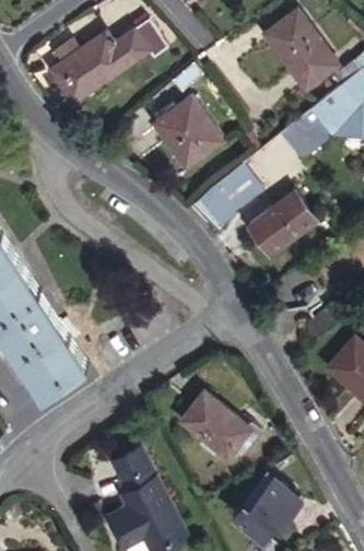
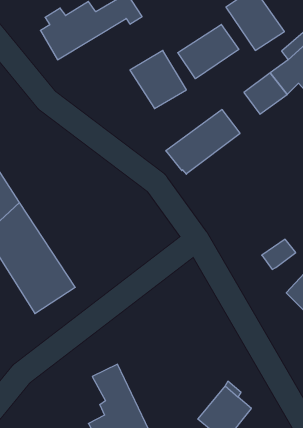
building: none -> [178,24,239,79]
building: [249,189,317,254] -> none
building: [181,394,260,458] -> none

